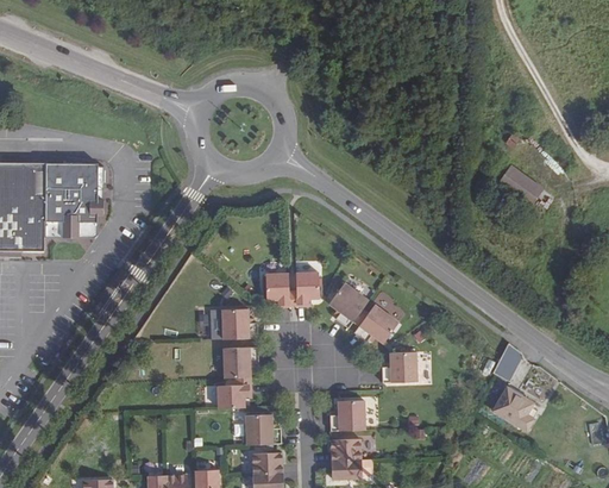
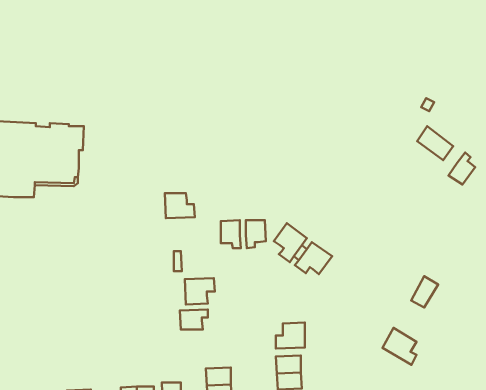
building: none -> [449,152,475,184]
building: [221,308,257,338] -> [165,193,195,218]
building: [381,351,416,382] -> none
building: [492,386,533,430] -> [382,328,416,365]
building: [241,413,277,444] -> none

